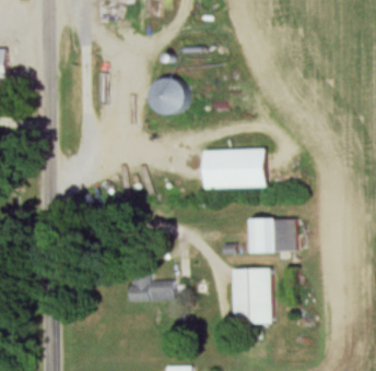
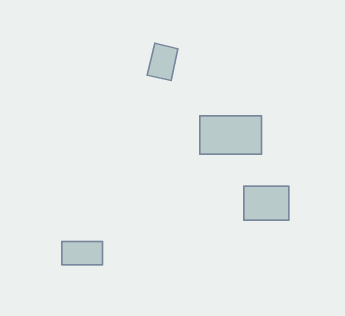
building: [231,270,269,325] -> none
building: [129,278,169,301] -> [62,242,103,265]

